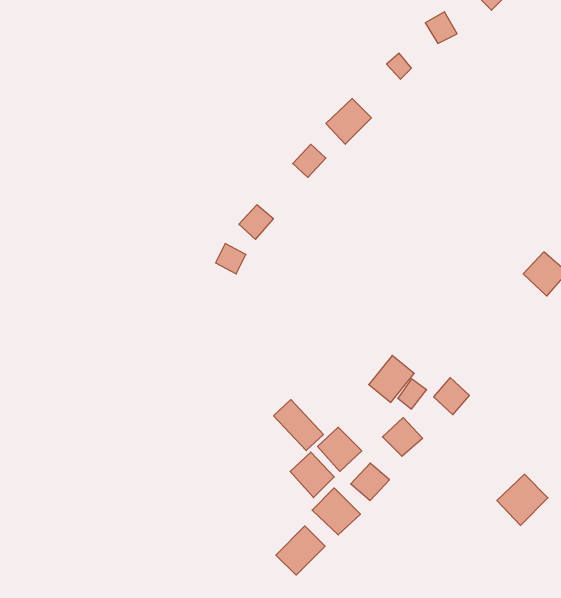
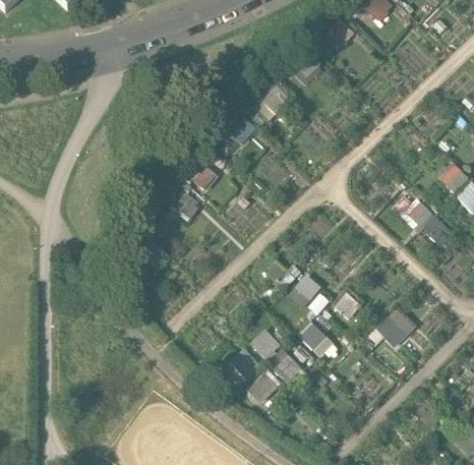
building: [274,400,323,451] -> none
building: [497,474,548,525] -> [375,308,413,346]
building: [276,526,325,575] -> none

